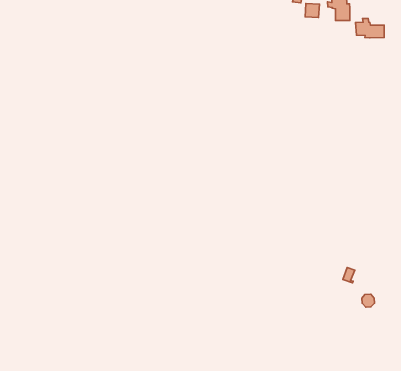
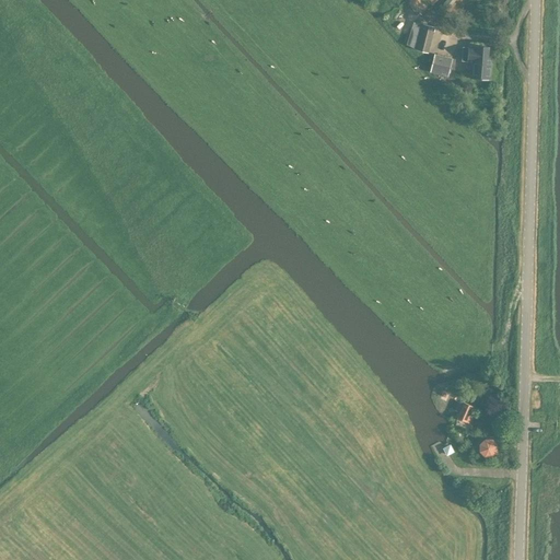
building: [355,18,384,38] -> none

